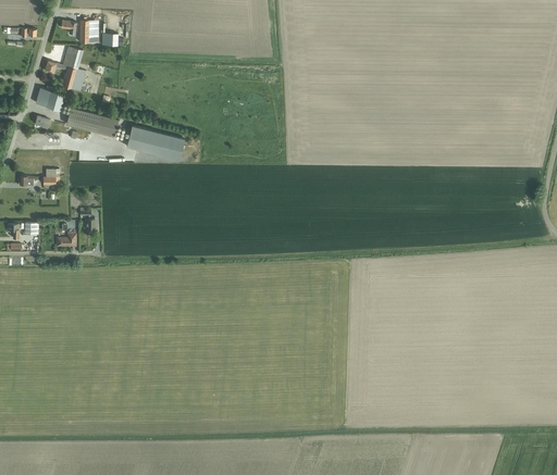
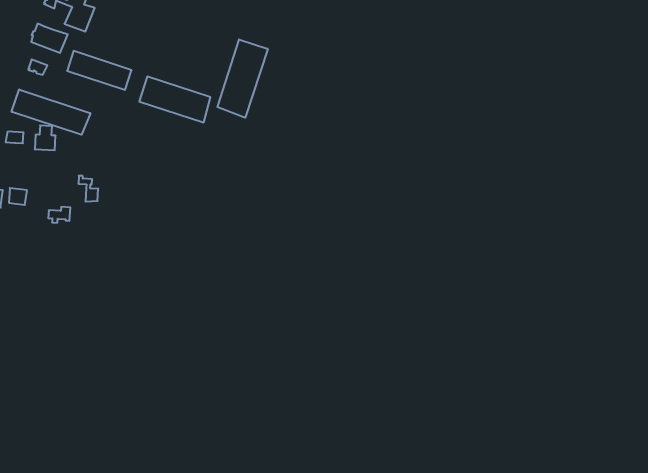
building: none -> [217,39,268,118]
building: none -> [12,89,90,135]

